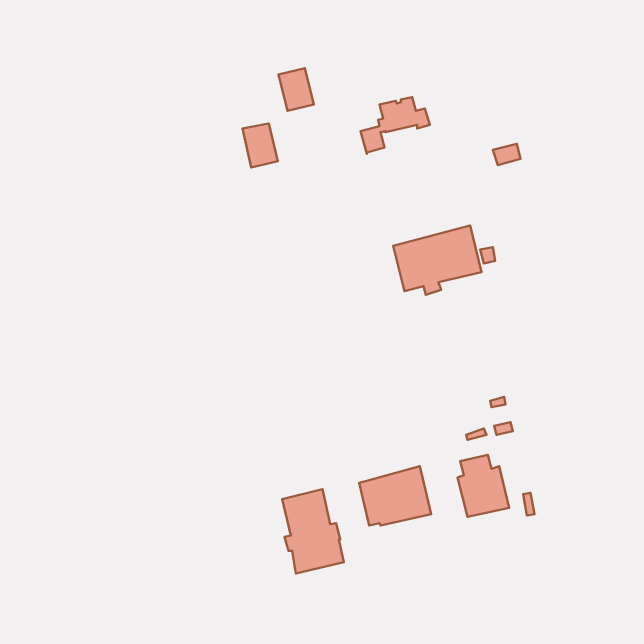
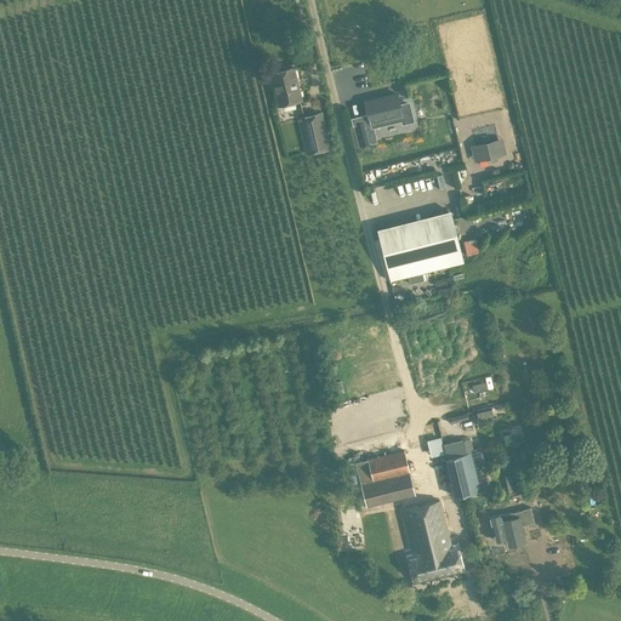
building: [242,123,278,168] -> [297,112,331,154]
building: [282,489,344,573] -> [401,498,461,580]
building: none -> [489,507,534,547]

